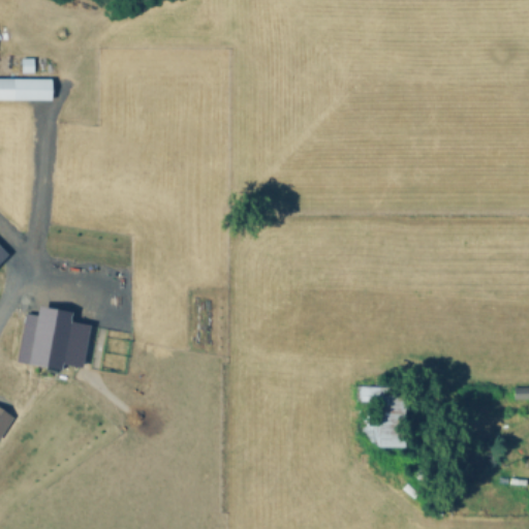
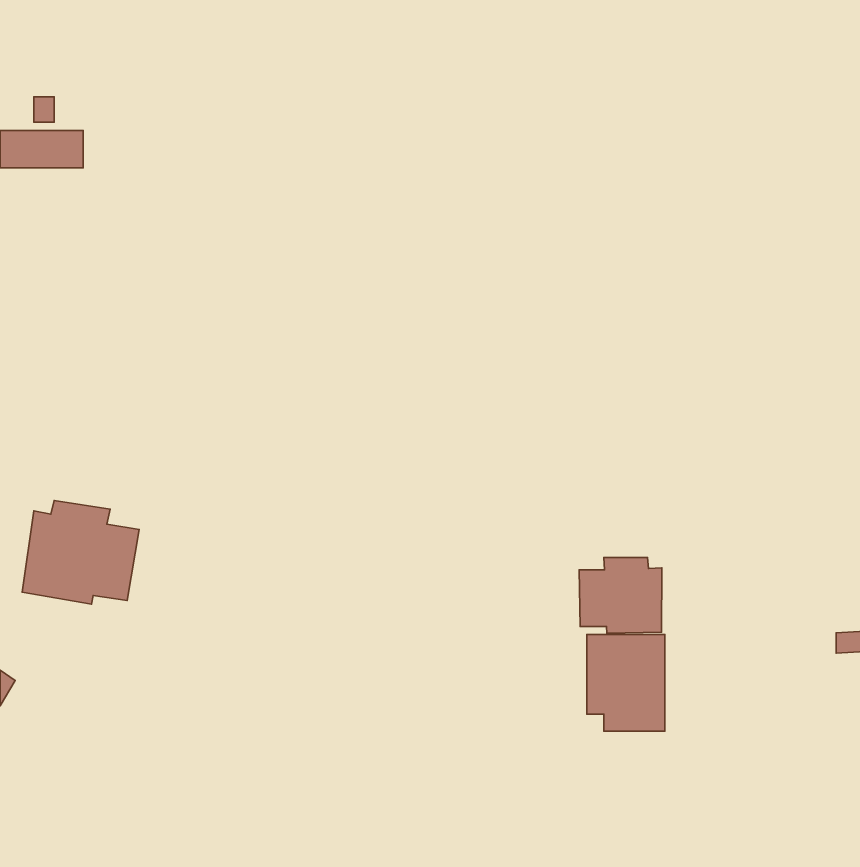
building: none -> [579,558,662,633]

